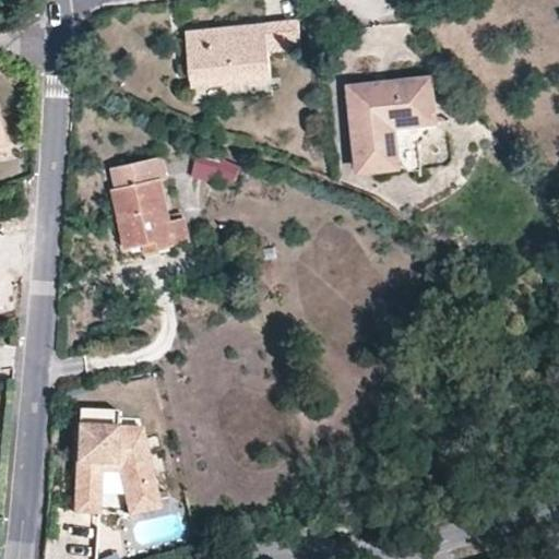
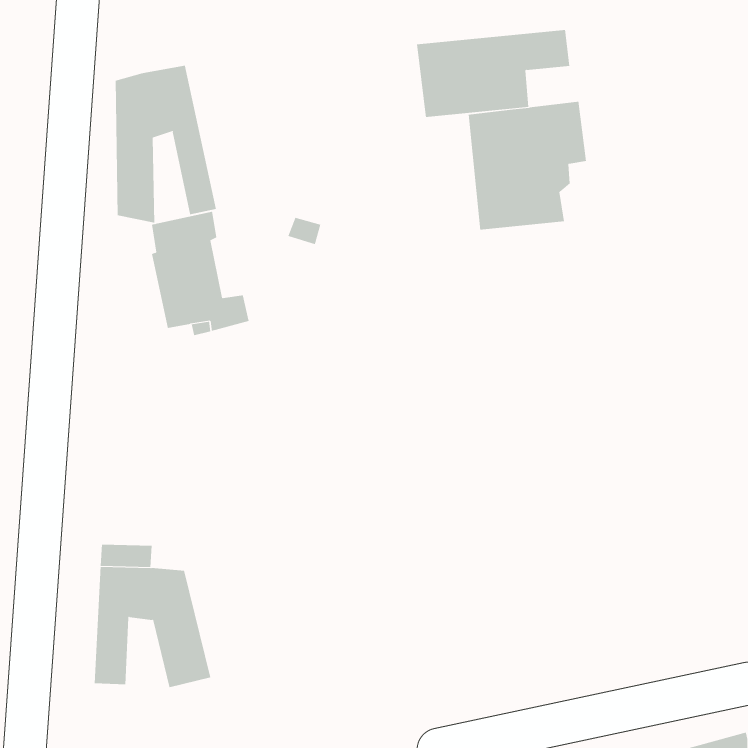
building: [186,21,300,86] -> [416,29,570,117]
building: none -> [115,65,216,224]

